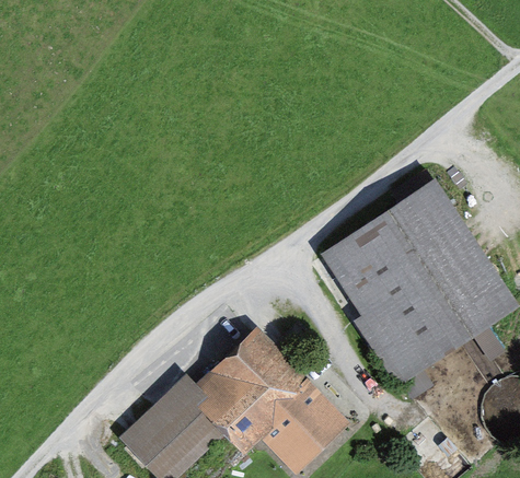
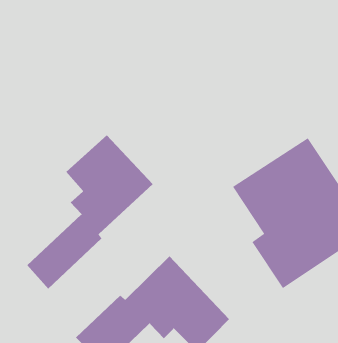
building: none -> [26,135,154,289]

